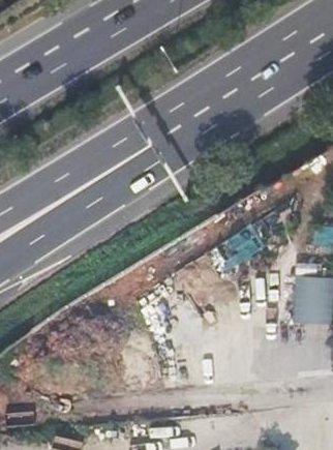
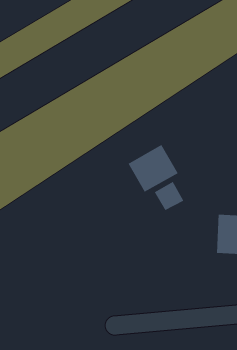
building: none -> [128,144,178,192]

